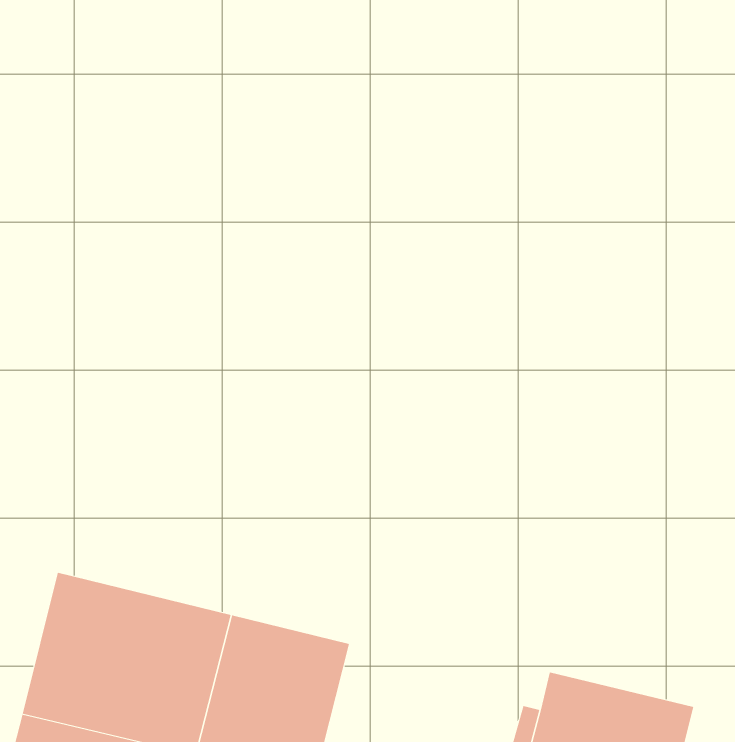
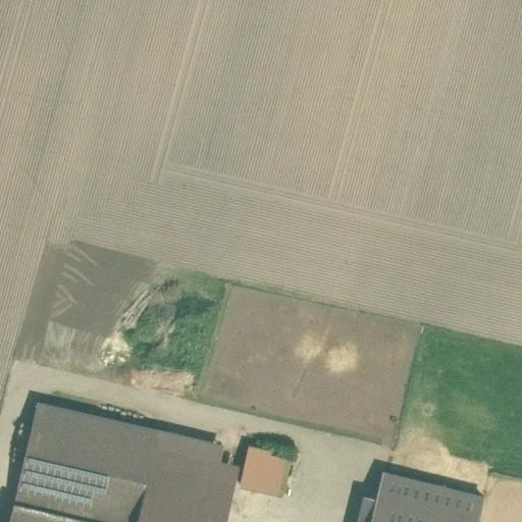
building: none -> [241,446,286,491]

